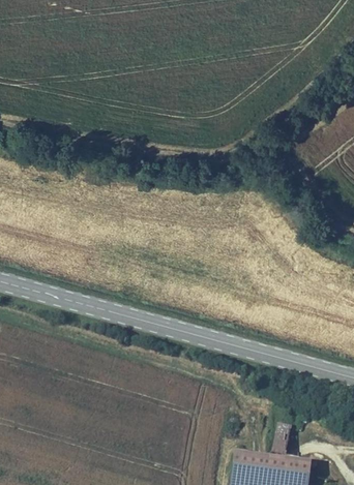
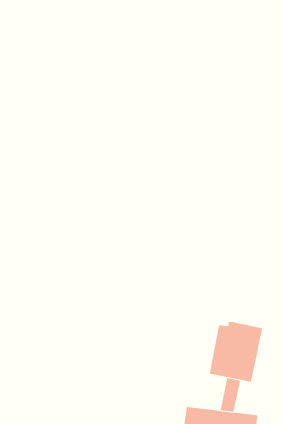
building: none -> [209,321,263,382]

